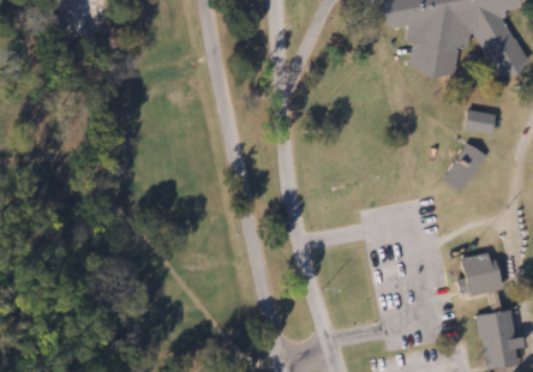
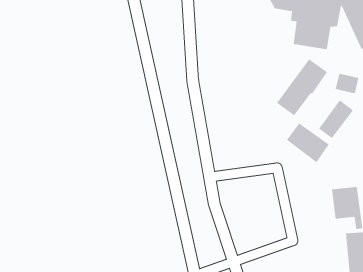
building: none -> [276,59,328,116]
building: none -> [286,123,330,163]

